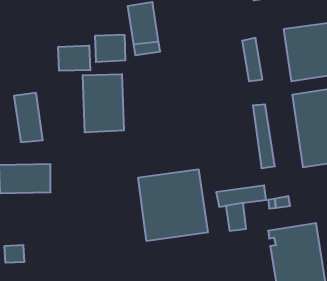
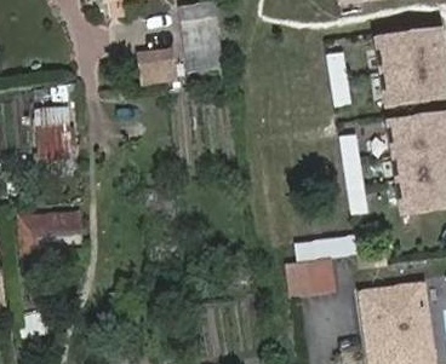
building: [58,45,90,71] -> none
building: [83,74,124,133] -> none
building: [138,169,208,241] -> none

